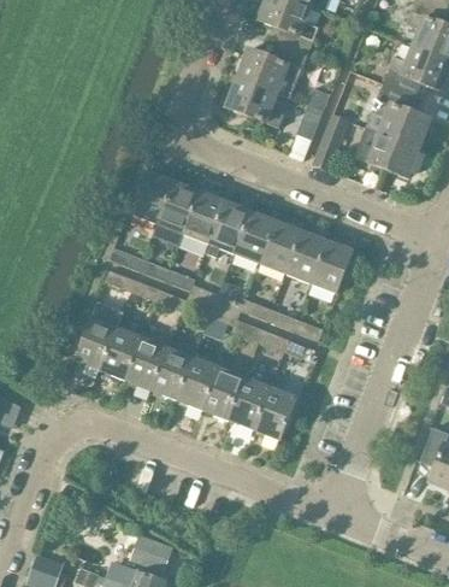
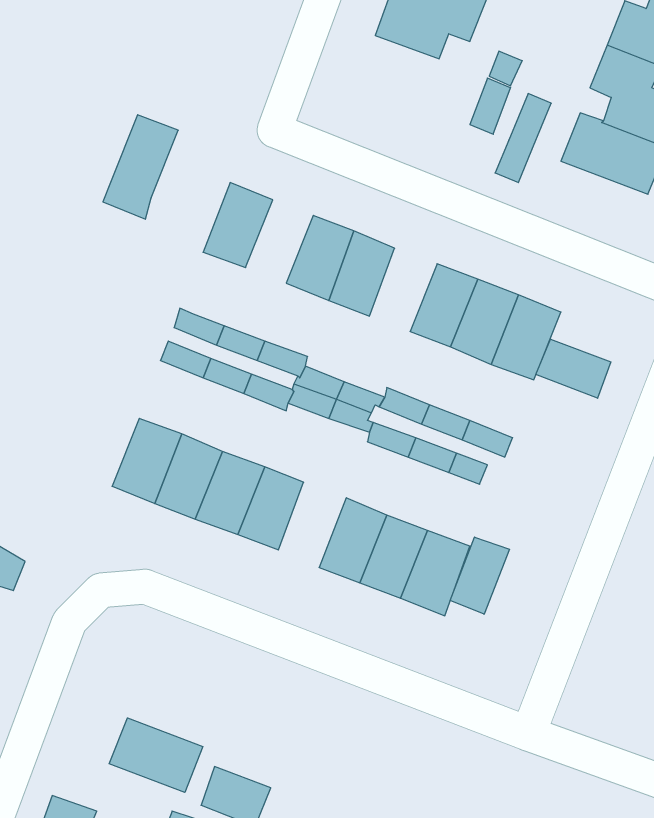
building: [225,78,284,128] -> none
building: [152,181,199,246] -> [103,115,178,219]
building: [234,211,276,263] -> none
building: none -> [536,339,611,398]
building: [177,357,219,410] -> none
building: none -> [450,537,510,614]
building: none -> [109,718,203,792]

